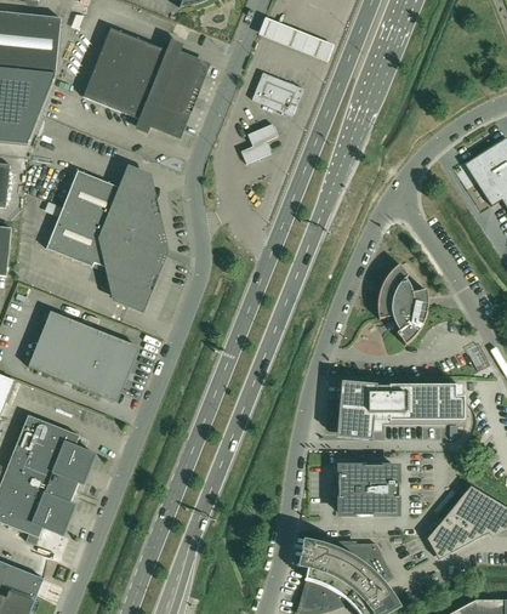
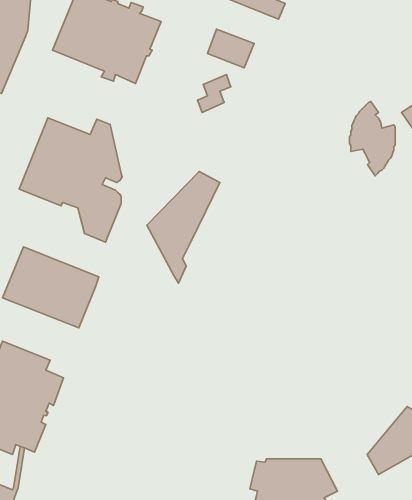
building: none -> [147,171,220,283]
building: [377,263,427,345] -> [350,101,395,176]
building: [336,381,465,440] -> none
building: [338,465,399,514] -> none

